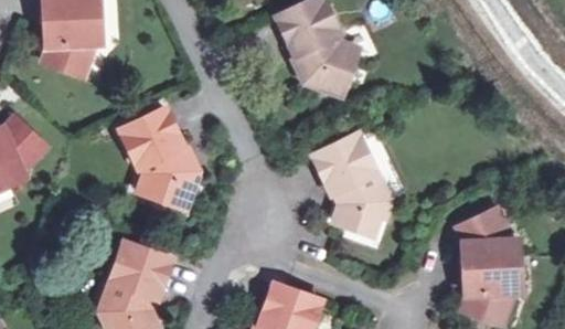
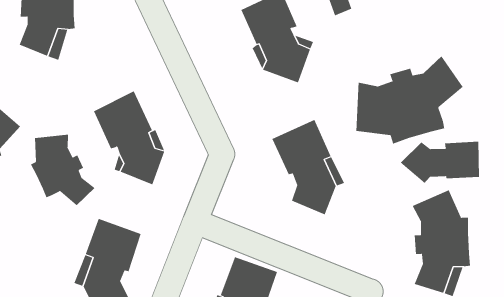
building: none -> [356,55,463,144]
building: none -> [30,134,96,206]
building: none -> [400,141,480,184]

